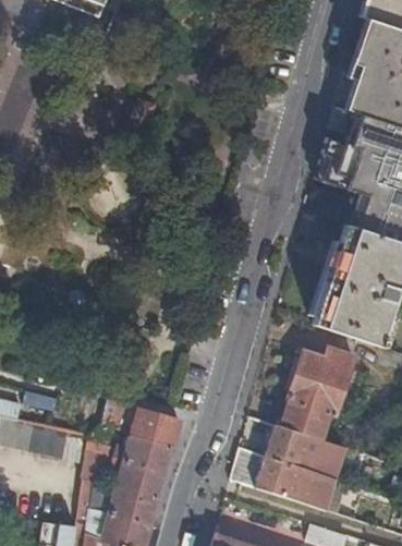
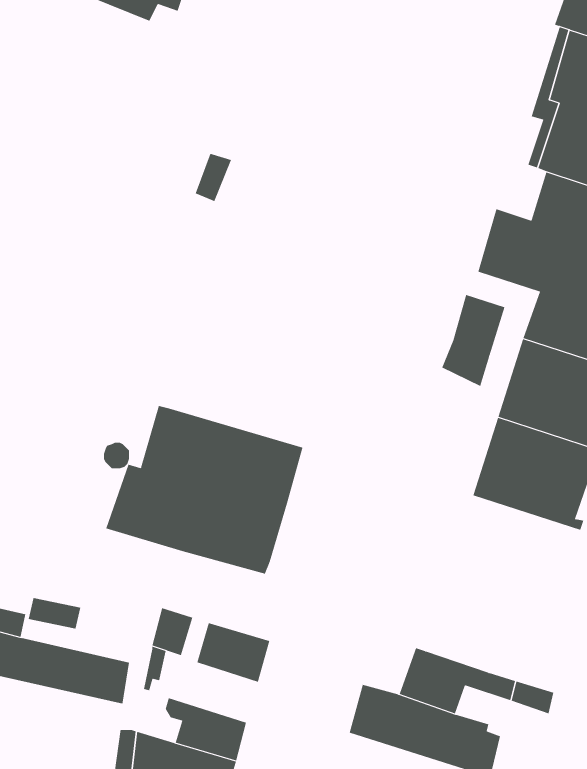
building: none -> [441,294,505,387]
building: none -> [105,405,303,574]
building: [282,350,355,441] -> none
building: [114,435,173,474] -> none

